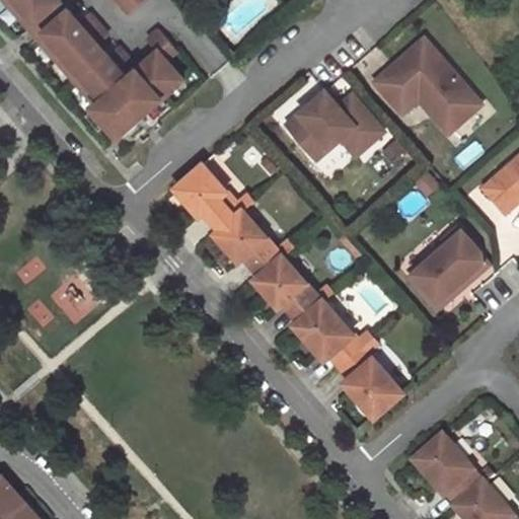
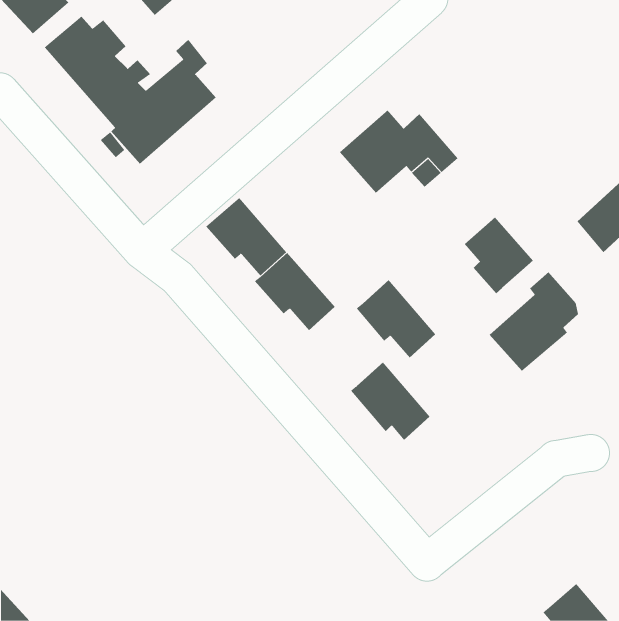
building: [373,36,483,132] -> none
building: none -> [464,217,534,294]
building: [254,255,321,321] -> [356,279,436,358]
building: [339,347,401,418] -> none
building: [416,441,483,506] -> none

